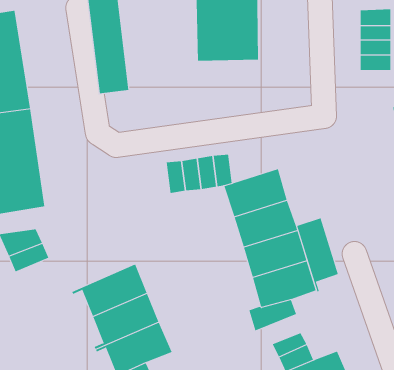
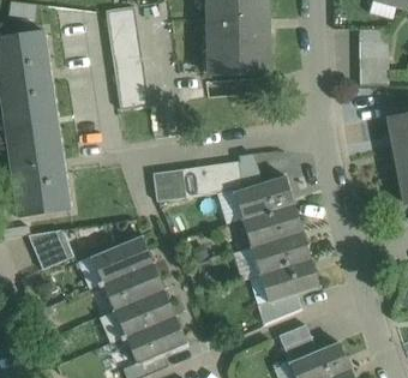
building: none -> [152,168,185,200]
building: [297,217,339,292] -> none
building: none -> [92,234,152,287]

